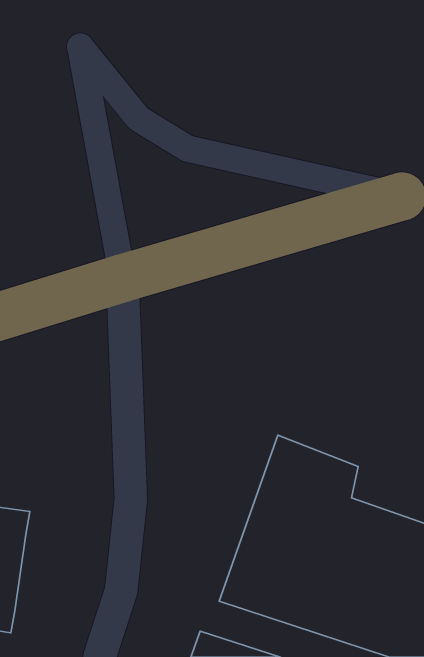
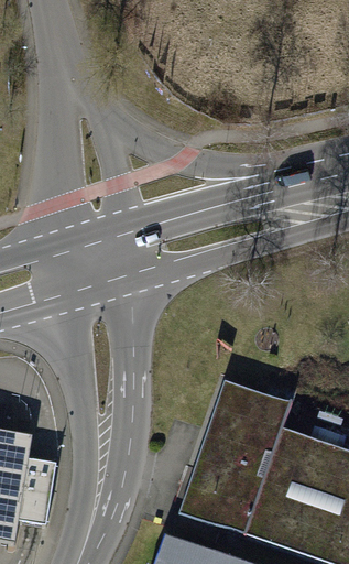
building: none -> [15,459,53,525]

